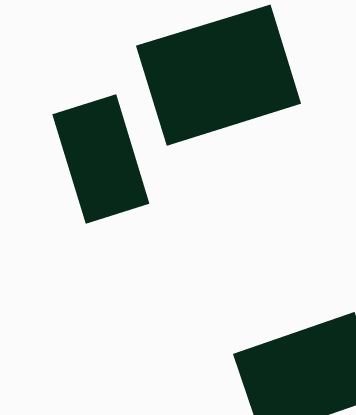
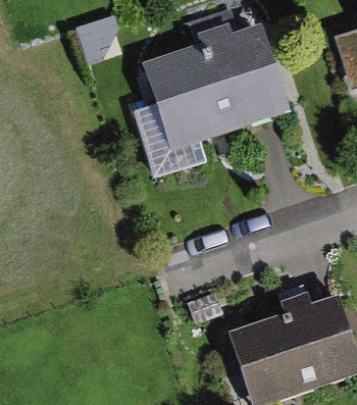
building: [51,93,151,225] -> none

